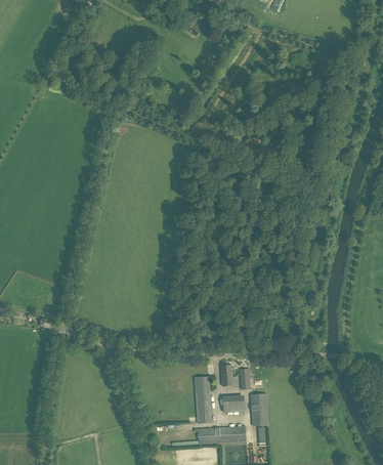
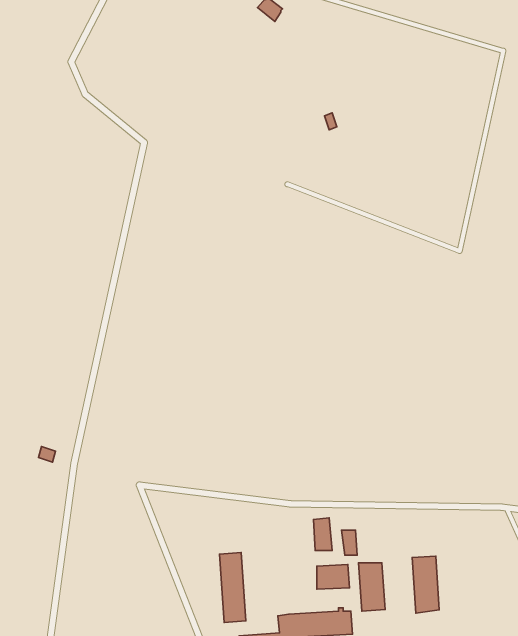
building: [195,377,212,423] -> [219,553,246,622]
building: none -> [412,556,439,613]

